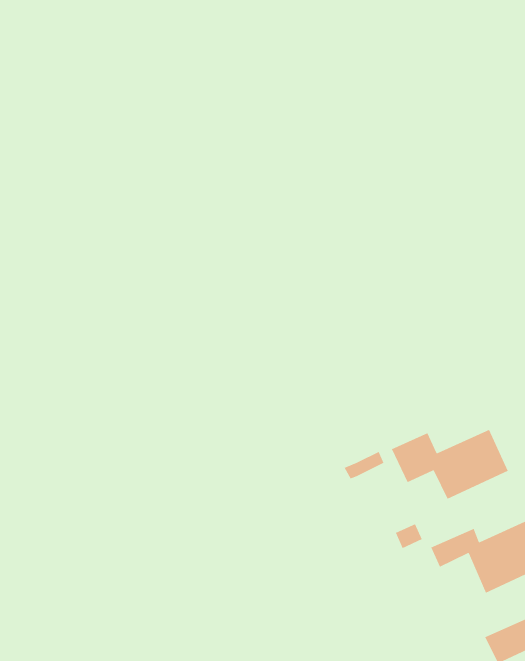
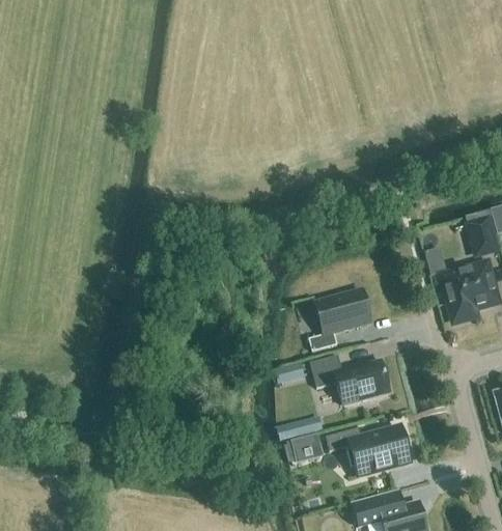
building: none -> [309,288,372,351]
building: none -> [291,432,323,462]

